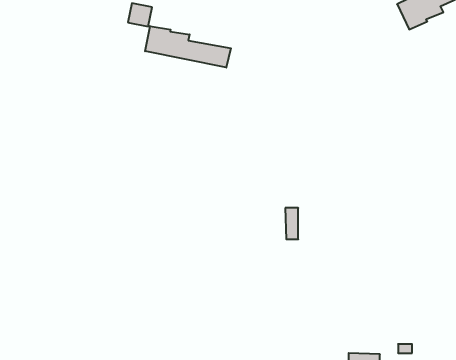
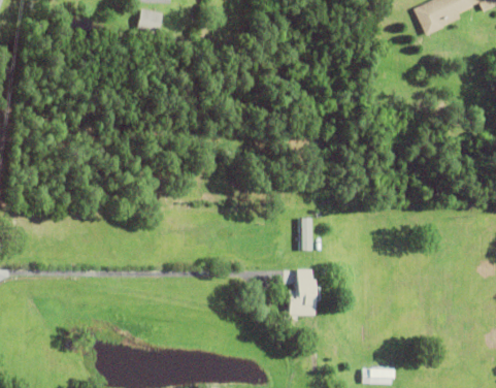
building: [145,26,231,68] -> none
building: none -> [290,269,316,315]

